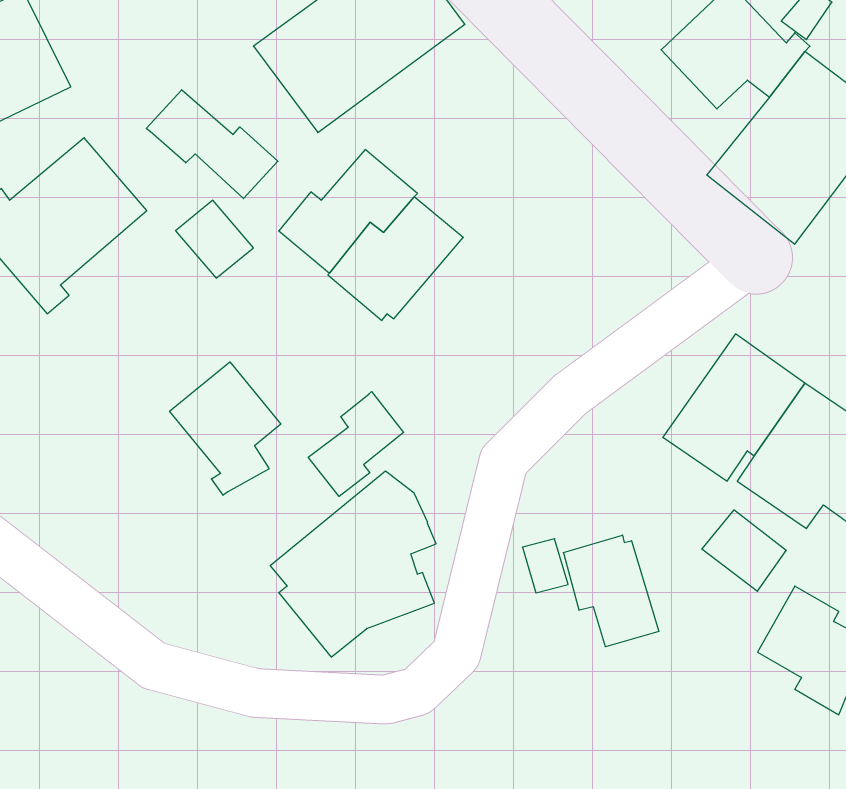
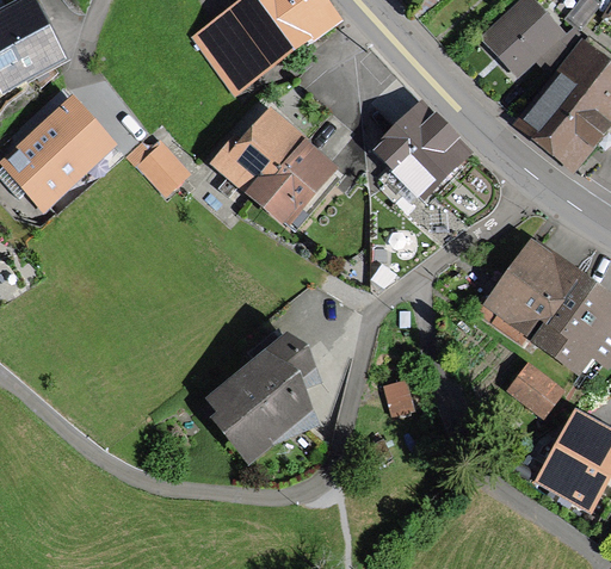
building: [146,90,278,199] -> none
building: none -> [369,99,473,199]
building: [170,362,281,495] -> none
building: [308,392,404,496] -> none
building: [563,535,659,647] -> none

